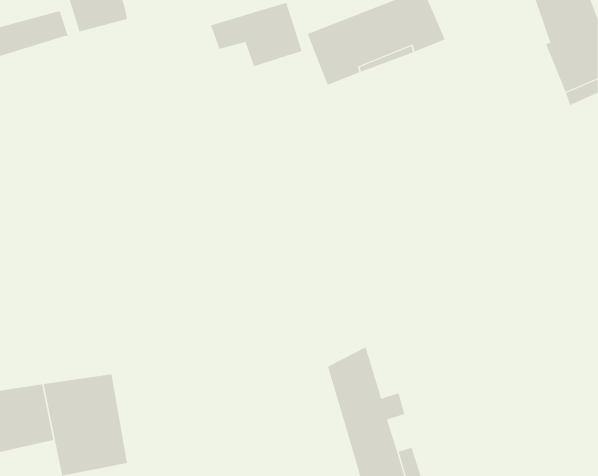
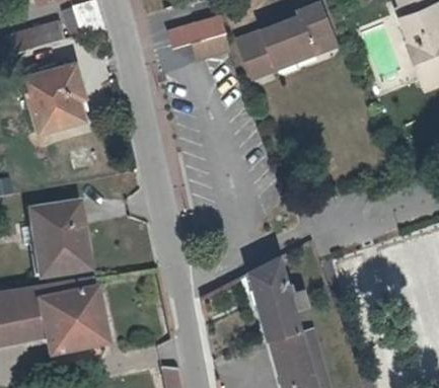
building: none -> [26,64,92,131]
building: none -> [25,203,95,277]

